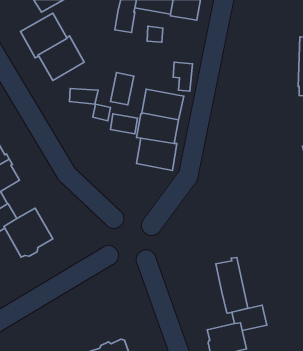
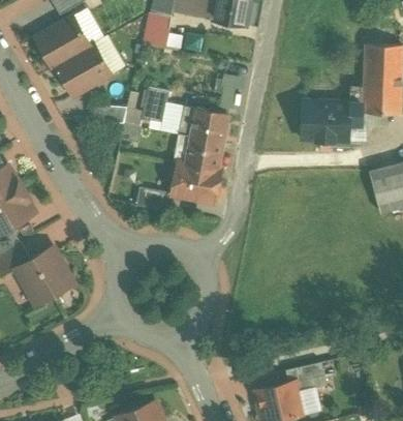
building: none -> [302,100,365,143]
building: [110,114,137,134] -> [136,187,168,211]
building: [216,258,248,313] -> none

